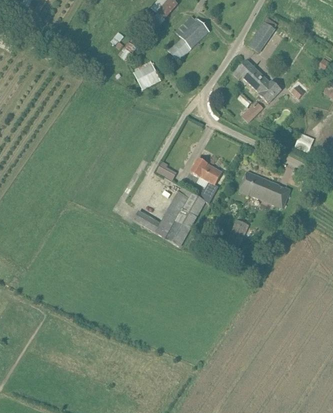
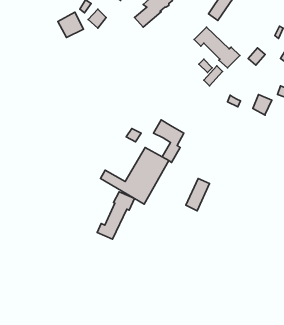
building: [133,62,160,89] -> [58,12,84,38]
building: [239,171,290,207] -> none
building: none -> [97,192,134,239]

